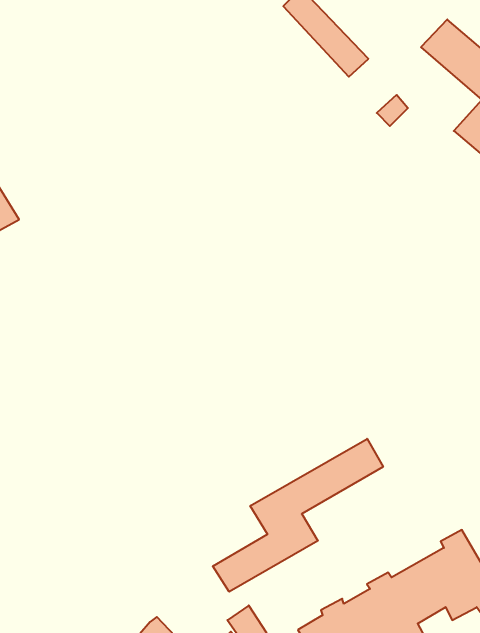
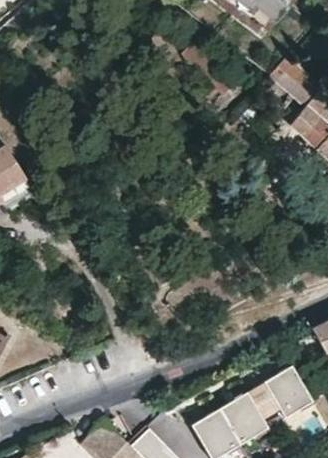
building: [213,439,383,592] -> none

